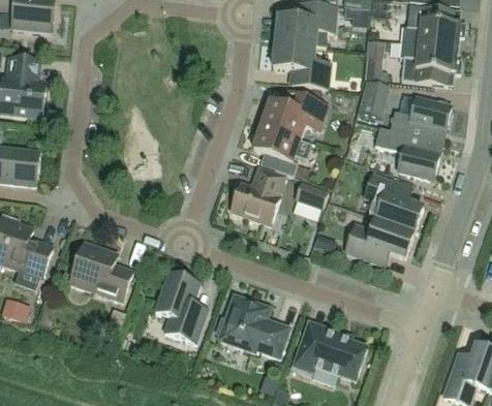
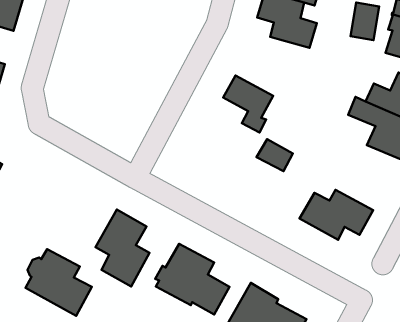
building: [358,80,390,117] -> none
building: [260,89,328,138] -> none
building: [230,166,284,224] -> none
building: [364,174,423,231] -> none
building: [68,242,132,301] -> [26,249,92,316]

